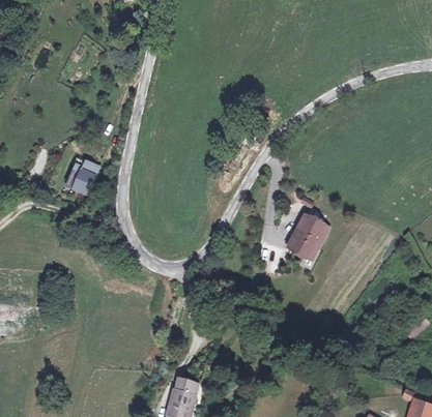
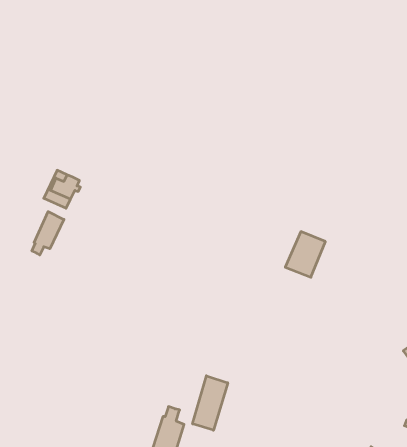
building: none -> [32,212,64,255]
building: none -> [193,376,228,430]

